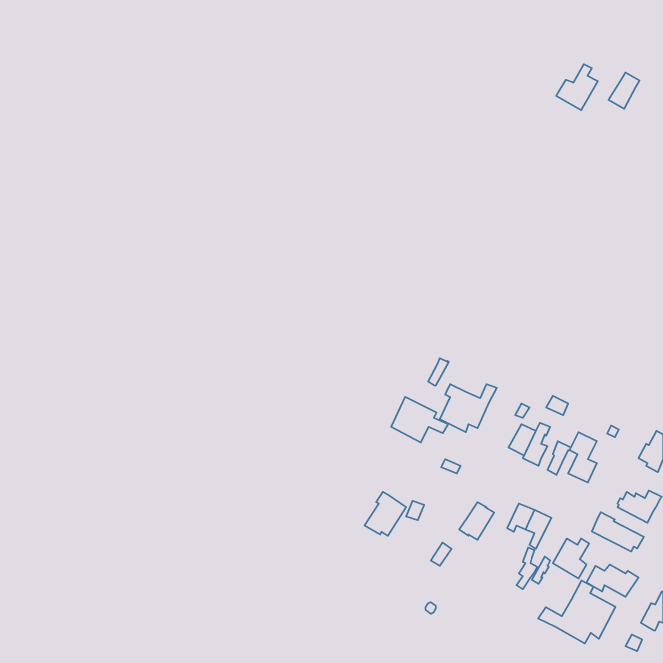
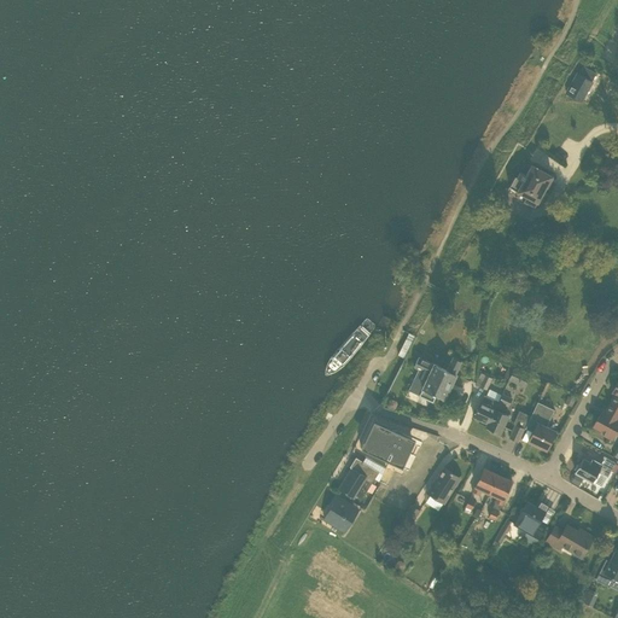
building: [556,64,598,110] -> none
building: none -> [507,164,553,206]
building: [391,397,448,442] -> [360,419,413,461]
building: [592,512,644,552] -> none
building: none -> [325,496,358,531]
building: [538,580,615,643] -> none

